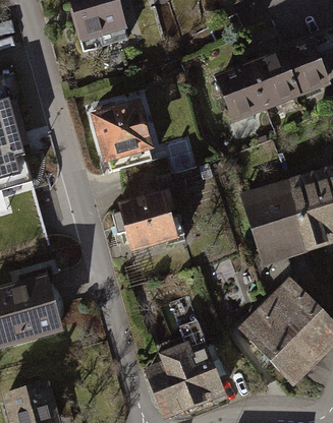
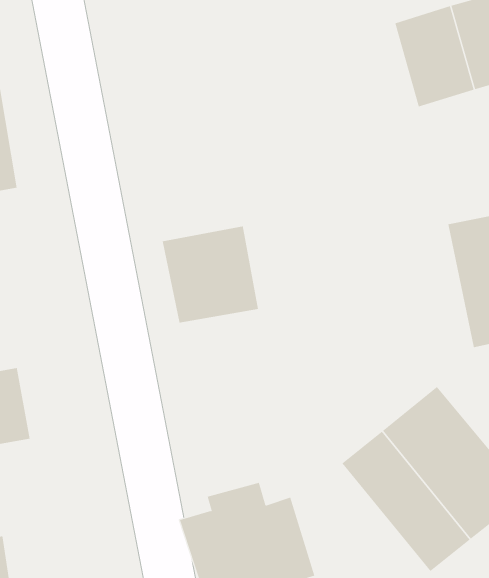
building: [216,61,265,121] -> none
building: [92,99,155,161] -> none
building: [241,178,310,263] -> none

